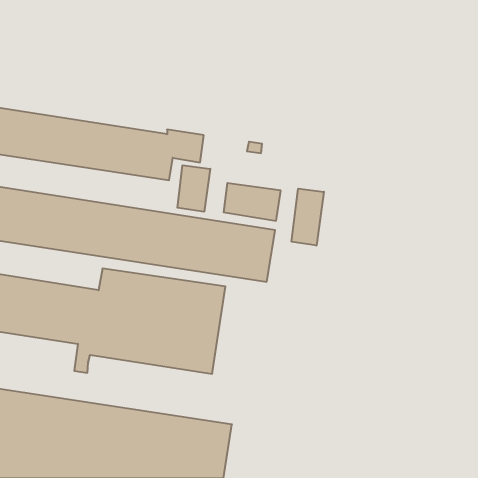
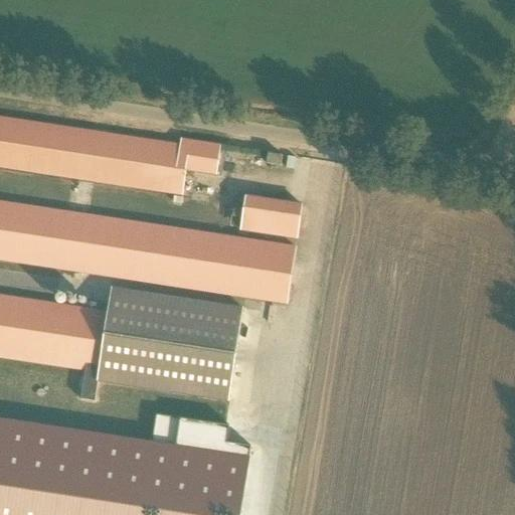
building: [177,165,210,212] -> none
building: [292,189,324,246] -> none

